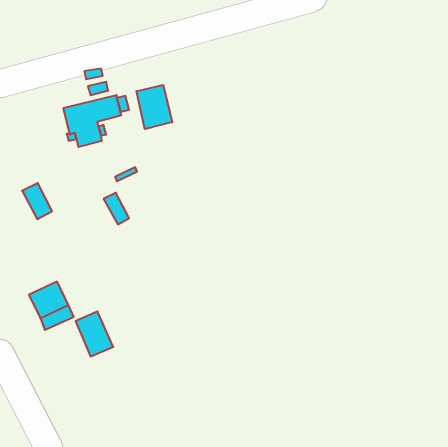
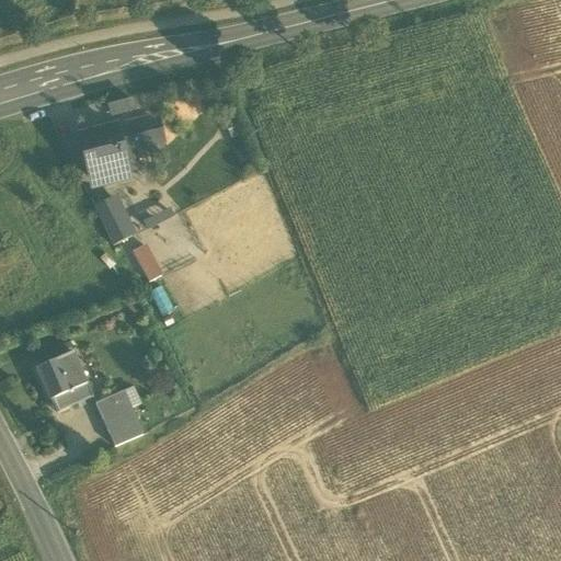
building: [136,85,172,129] -> none
building: [22,183,52,219] -> [95,199,133,244]

